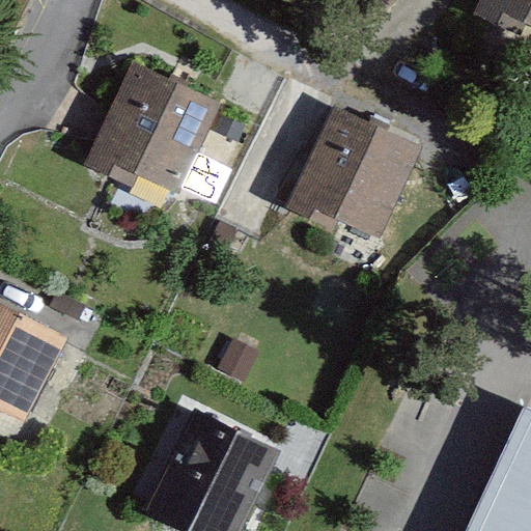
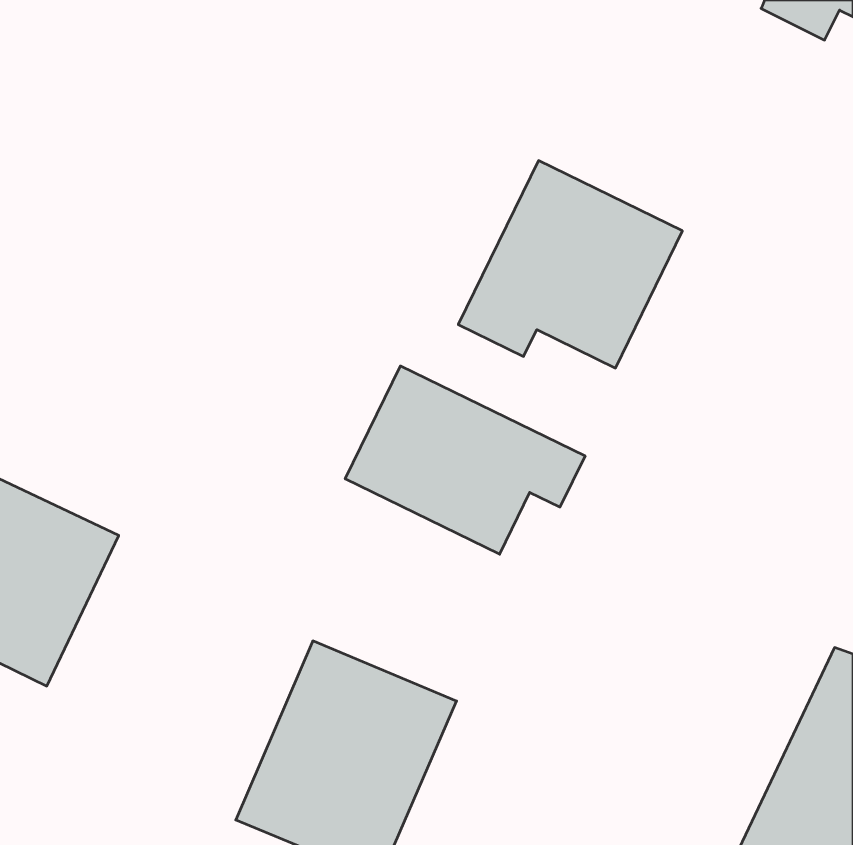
building: [79,61,221,192] -> none
building: none -> [345,366,585,554]

